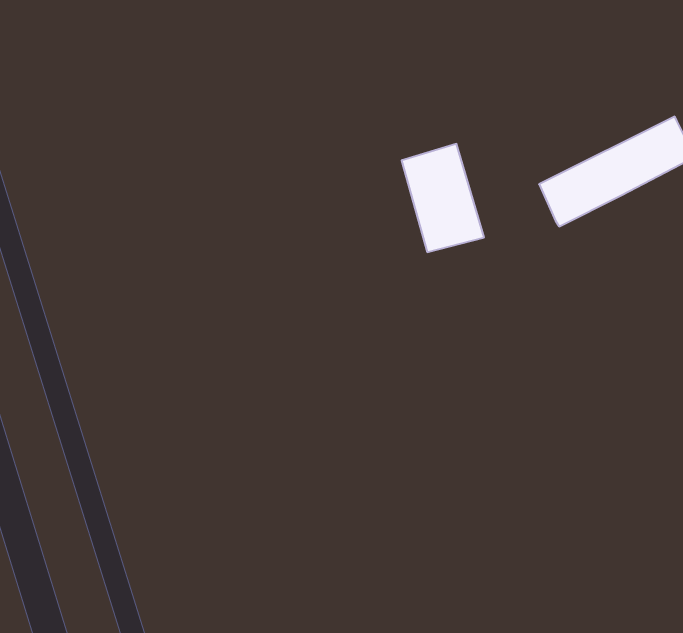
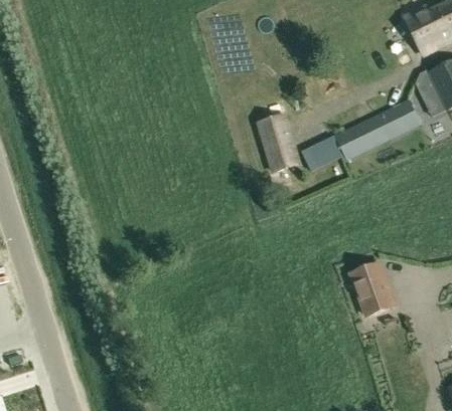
building: none -> [301,136,341,170]
building: none -> [351,263,396,316]

